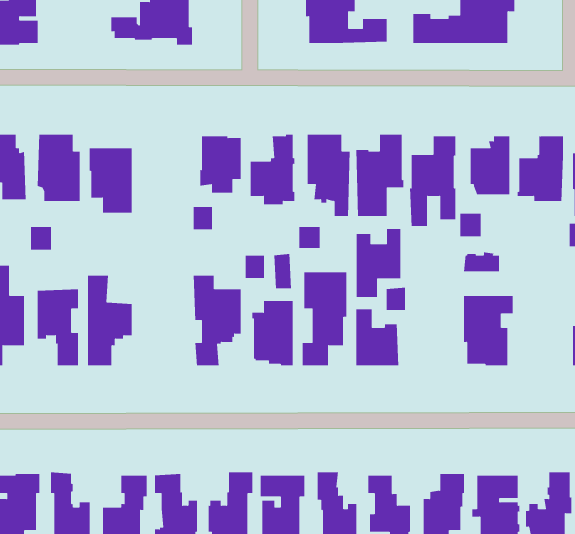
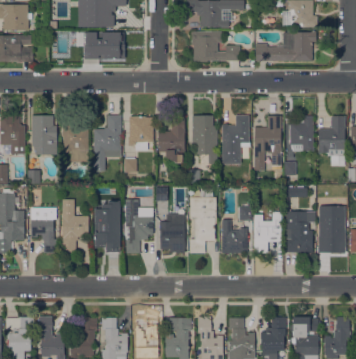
building: none -> [93,115,121,171]
building: [356,229,401,297] -> [254,212,281,253]
building: none -> [94,200,120,253]
building: none -> [318,206,345,253]

